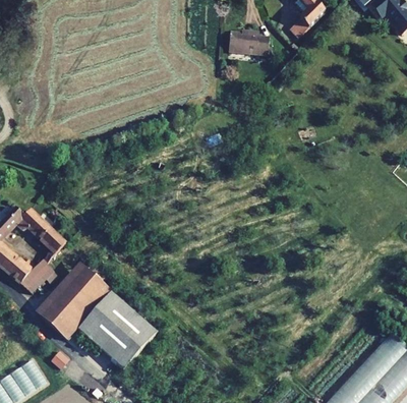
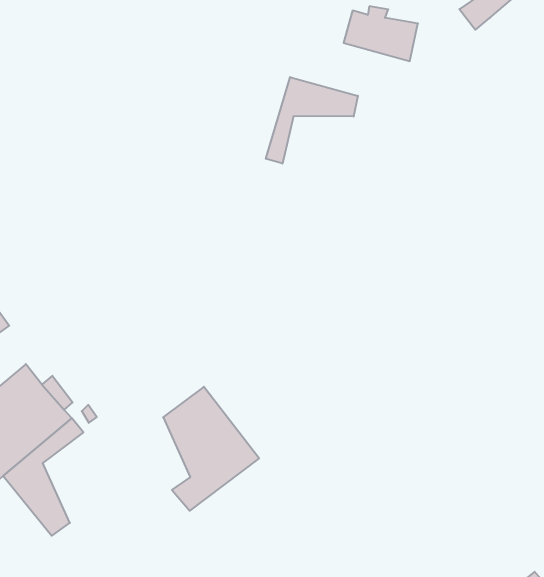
building: none -> [266,77,358,164]
building: [98,297,157,369] -> [163,387,259,511]

